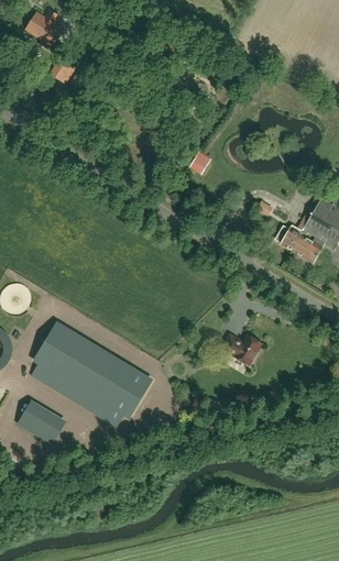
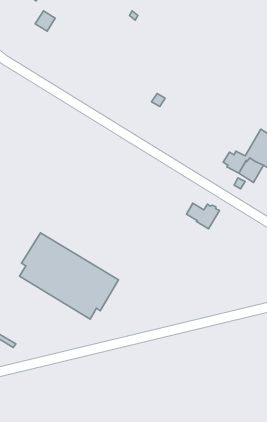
building: [222,333,262,364] -> [186,203,219,229]
building: [19,404,64,443] -> none

